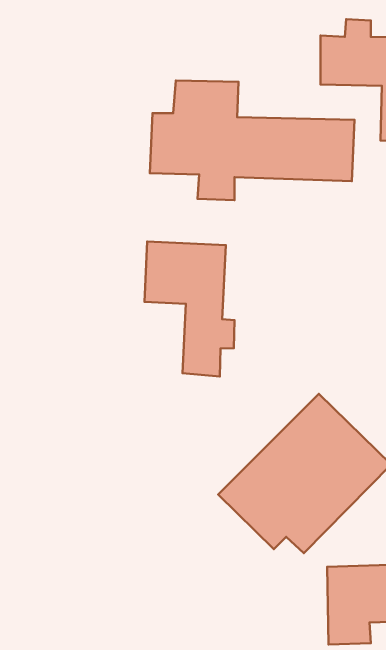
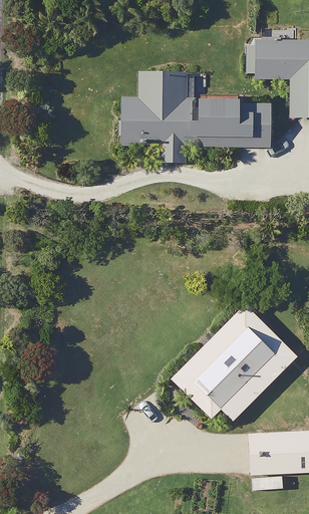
building: [144,242,235,376] -> none

